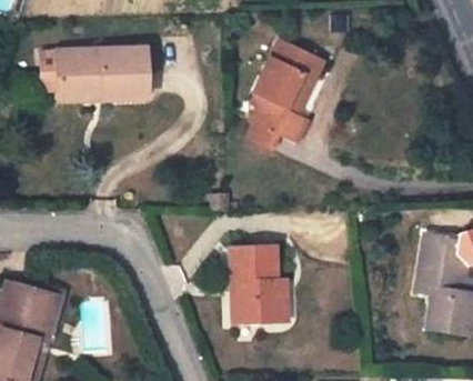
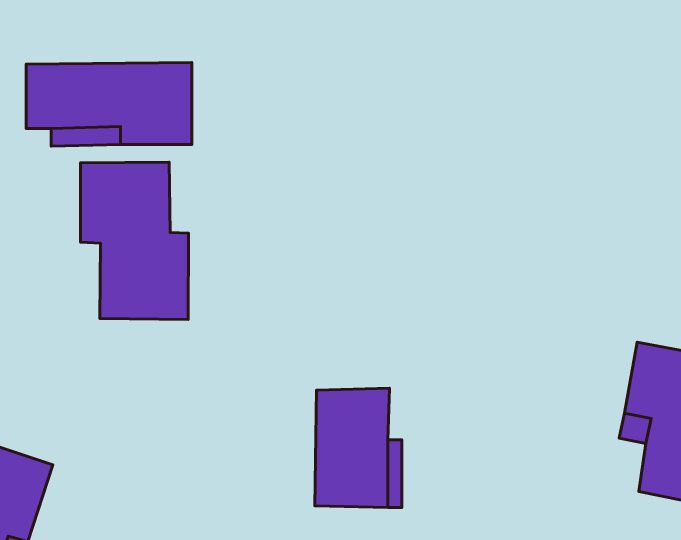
building: [252,40,326,151] -> none
building: none -> [81,162,189,320]

